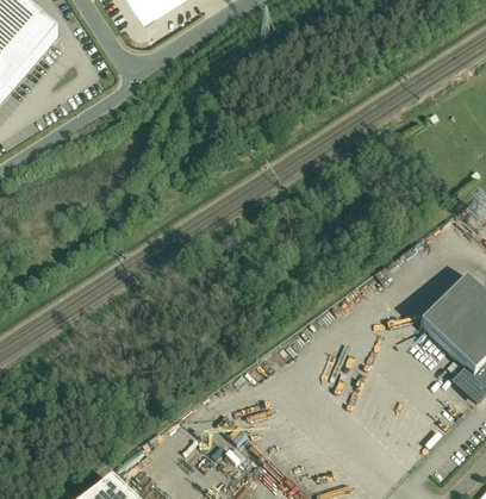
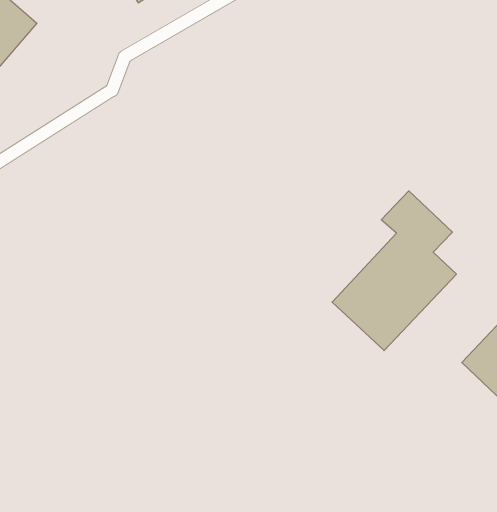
building: none -> [332,191,456,351]

